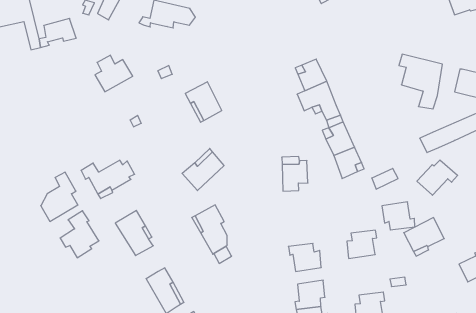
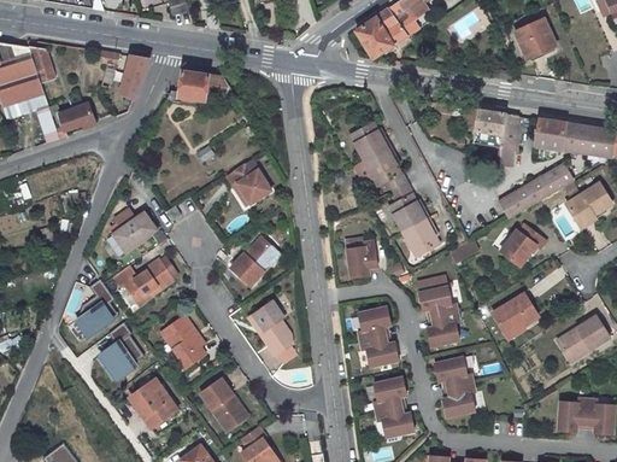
building: [95,55,133,92] -> [111,210,154,252]
building: [382,202,415,230] -> [418,285,458,318]
building: none -> [358,305,392,340]
building: none -> [131,381,176,423]
building: none -> [434,356,474,388]

